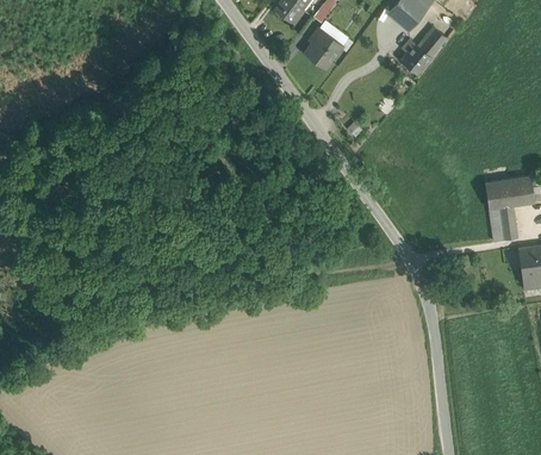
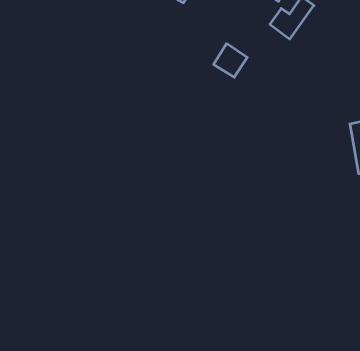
building: [304,29,344,69] -> [214,44,247,77]

